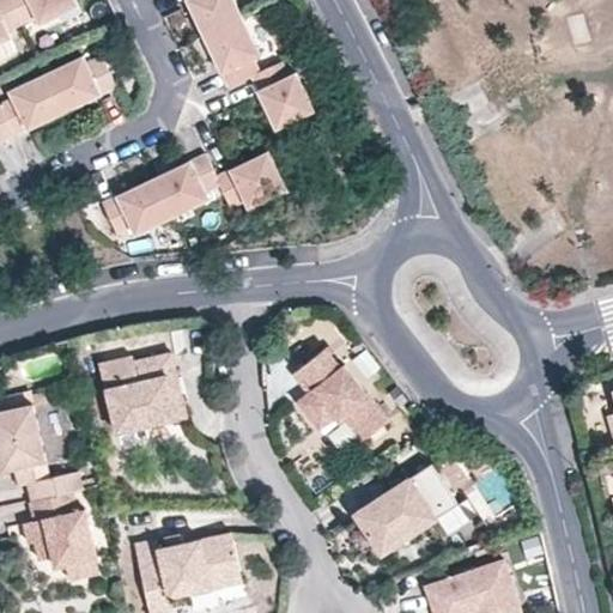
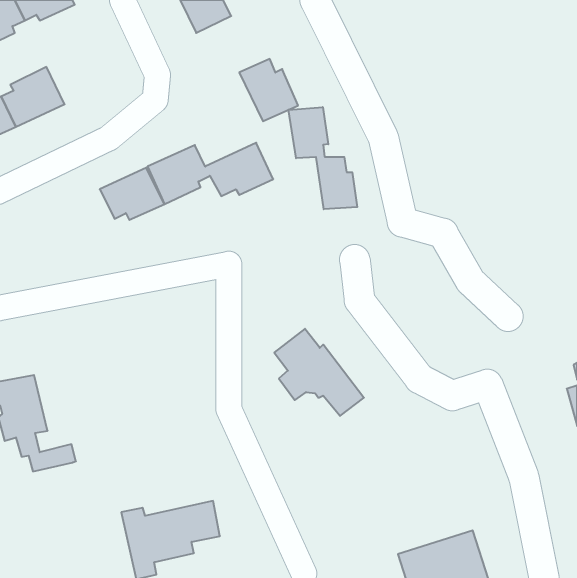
building: [207,18,262,87] -> none
building: [49,55,119,111] -> none
building: none -> [288,107,357,209]
building: [96,357,182,436] -> none
building: [353,463,456,553] -> none
building: [26,490,99,565] -> none

